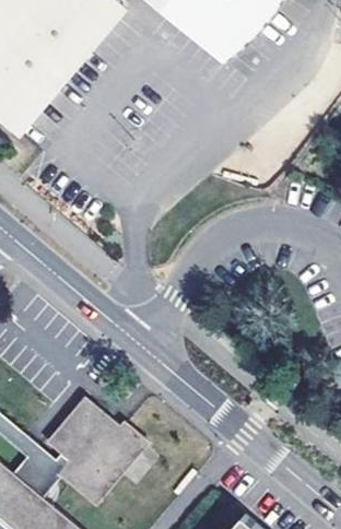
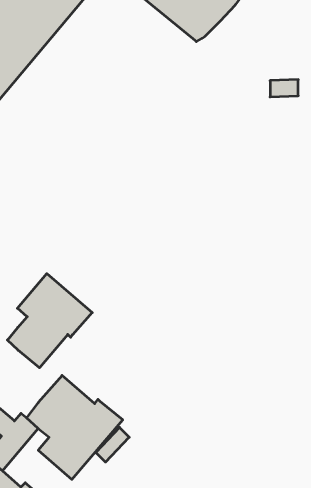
building: none -> [7,274,92,368]

